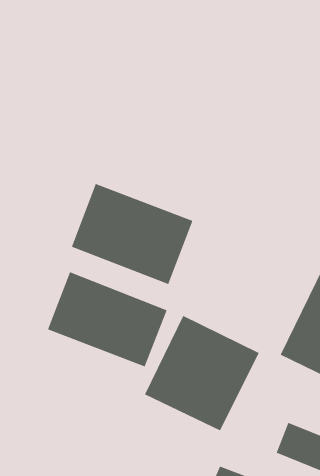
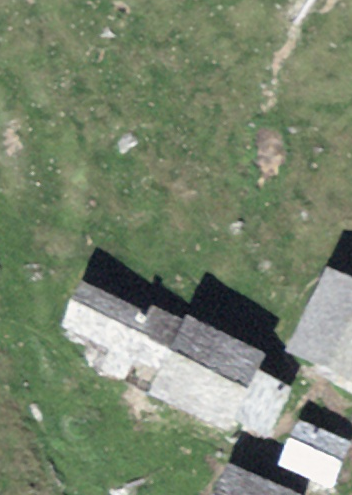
building: [71,183,193,285] -> none

